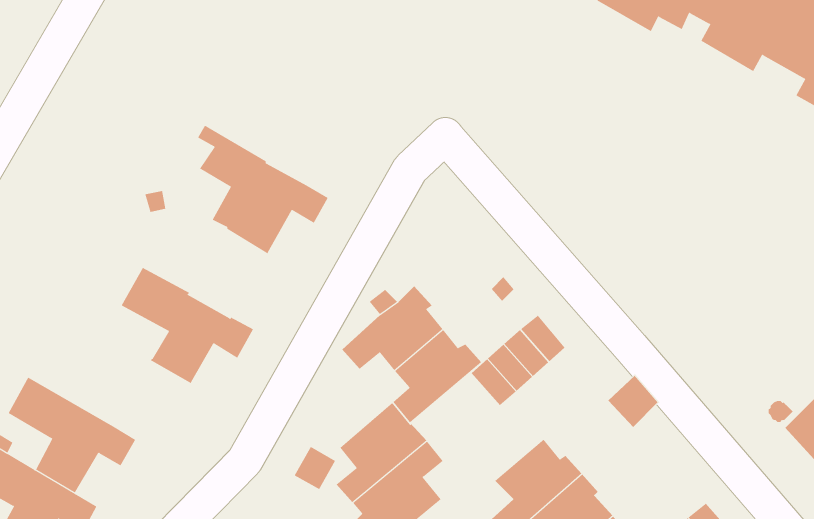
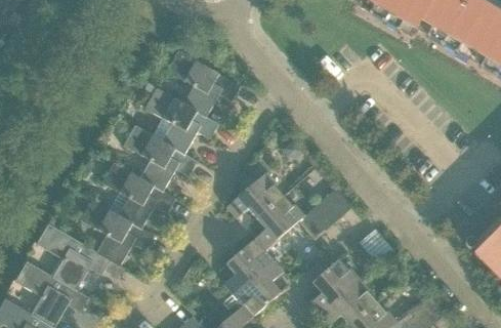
building: none -> [167,50,240,116]
building: none -> [124,125,197,191]
building: none -> [81,199,154,265]

